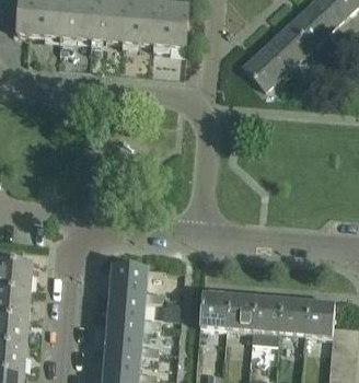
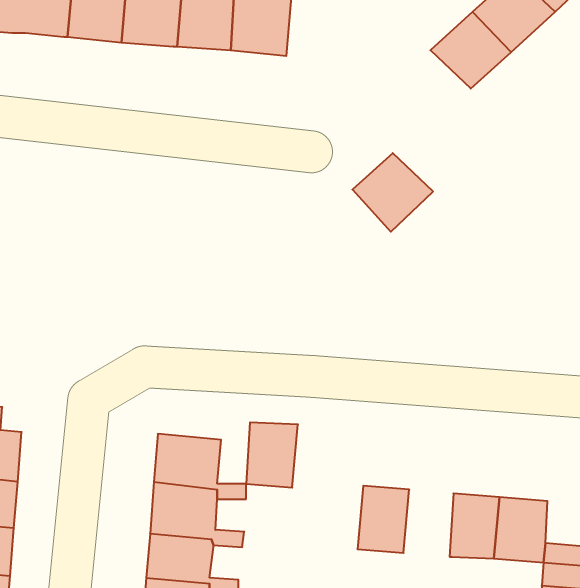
building: [244,44,290,89] -> [352,153,433,232]
building: [199,291,229,328] -> [246,422,298,488]
building: [252,294,280,344] -> none

